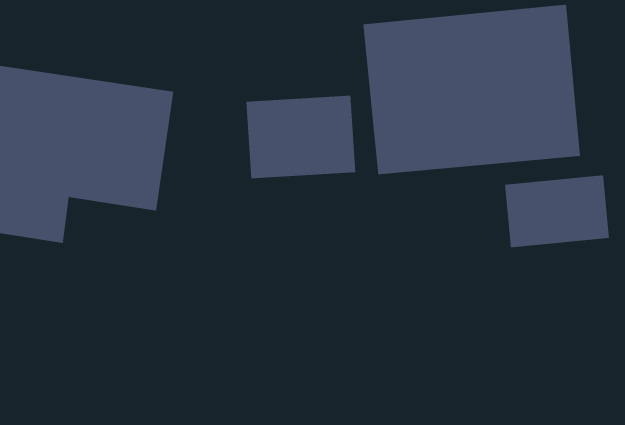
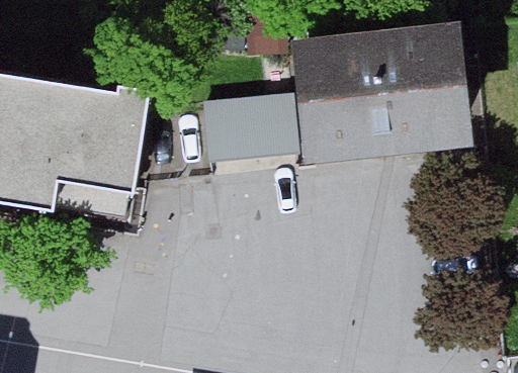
building: [505,175,609,248] -> none

